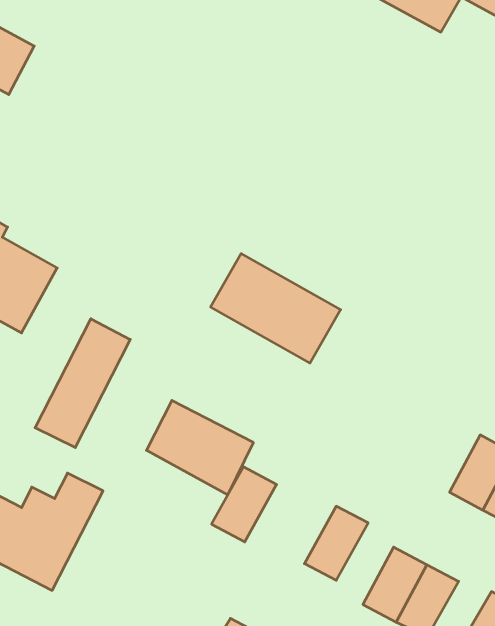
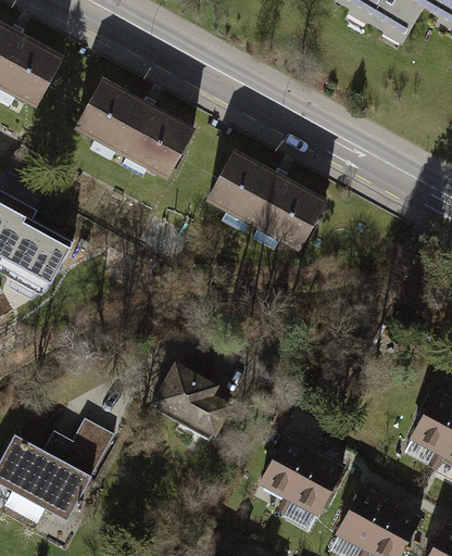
building: none -> [77,84,187,172]
building: [211,254,341,363] -> [208,152,318,245]
building: [35,319,130,448] -> none
building: [212,467,277,542] -> [258,437,313,501]

